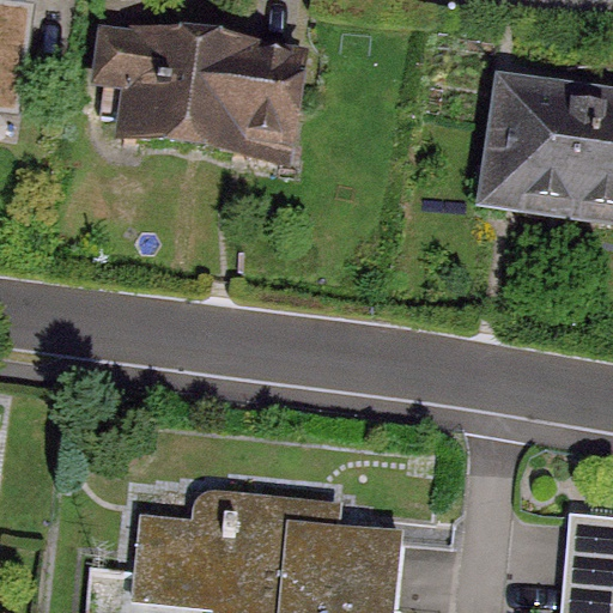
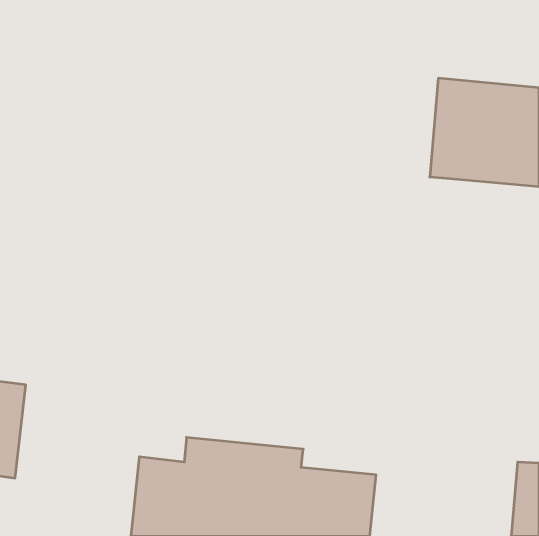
building: [87,29,293,163] -> none

